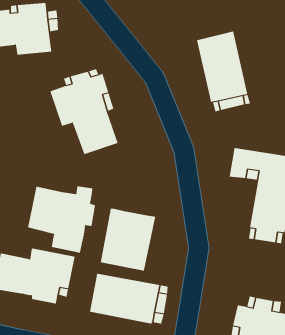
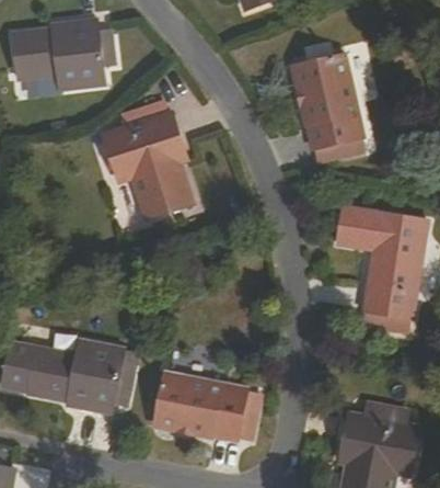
building: [28,185,95,253] -> none
building: [100,208,156,272] -> none

